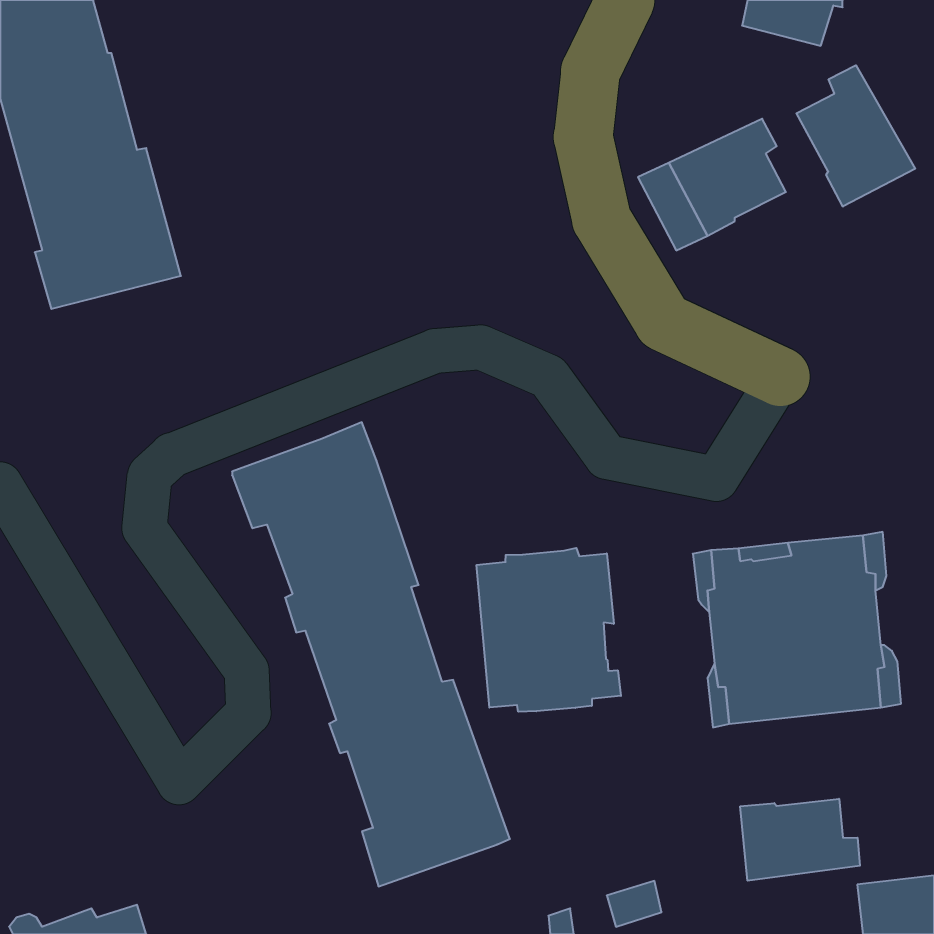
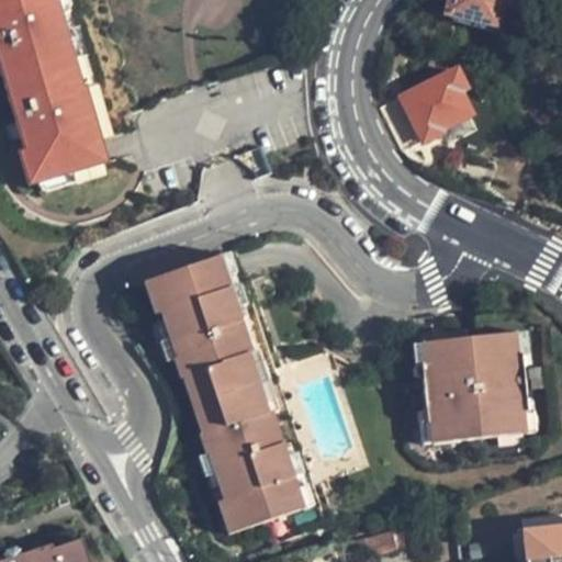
building: [796,65,915,207] -> none
building: [477,548,621,712] -> none
building: [740,799,860,881] -> none

